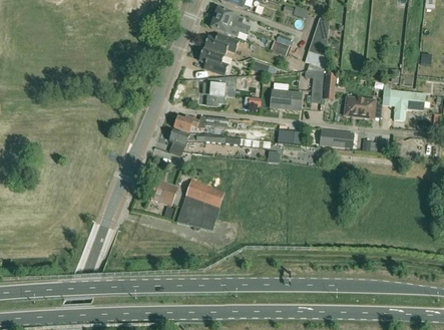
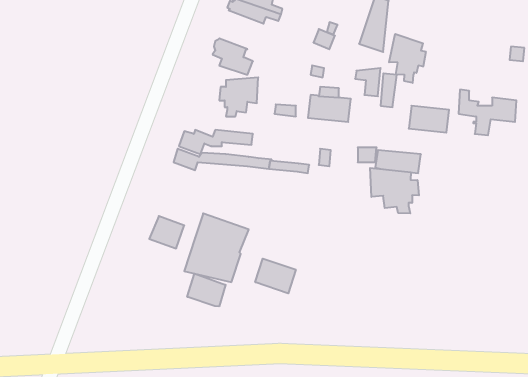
building: [203,33,239,55] -> none
building: none -> [389,34,426,83]
building: none -> [370,168,419,213]
building: none -> [255,259,296,293]
building: none -> [187,274,226,306]

